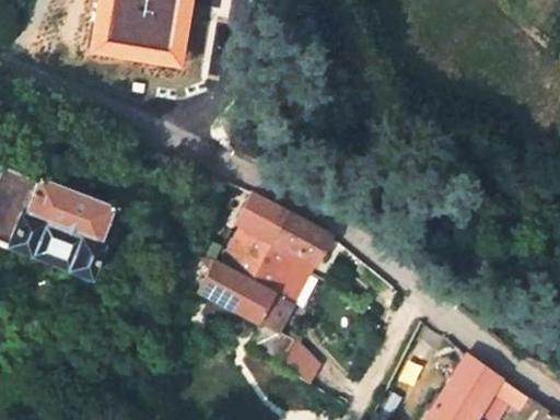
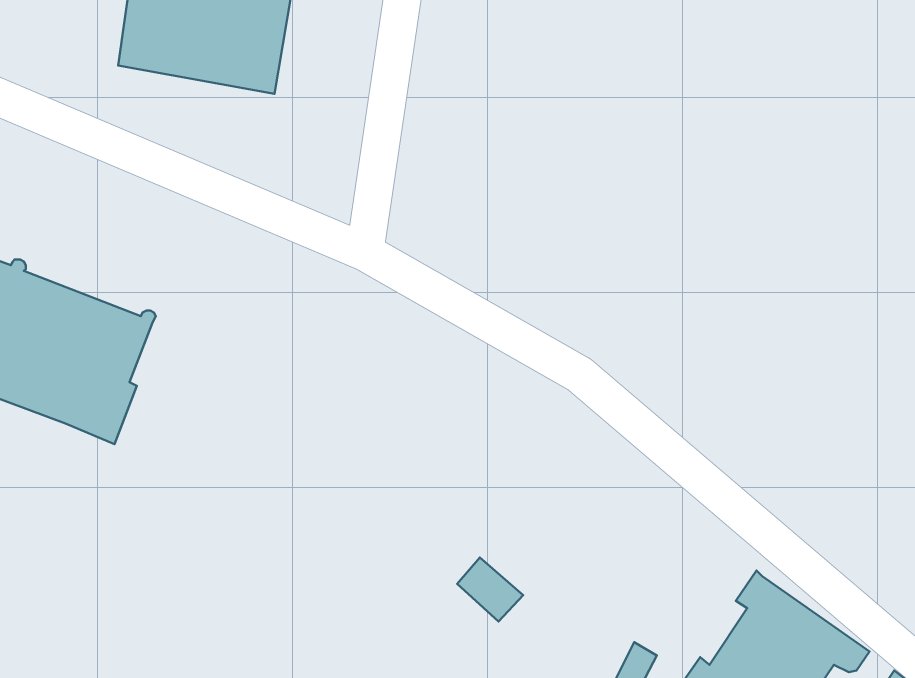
building: [199,195,328,330] -> none

